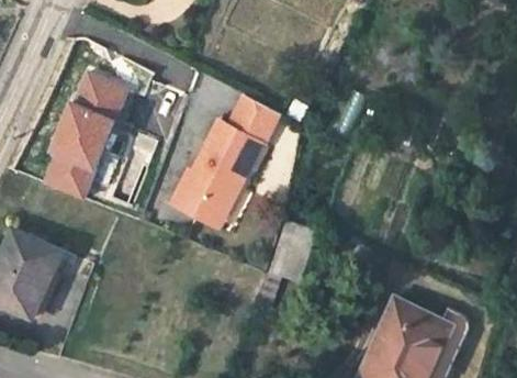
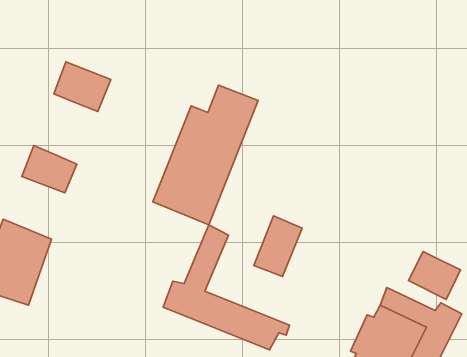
building: [44,100,114,171] -> none
building: none -> [163,225,290,350]
building: none -> [408,252,460,299]

